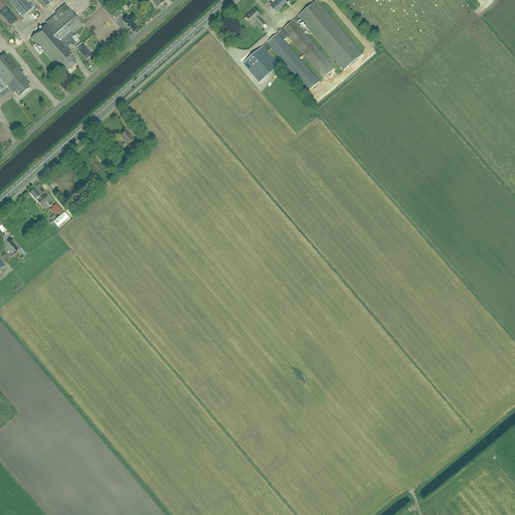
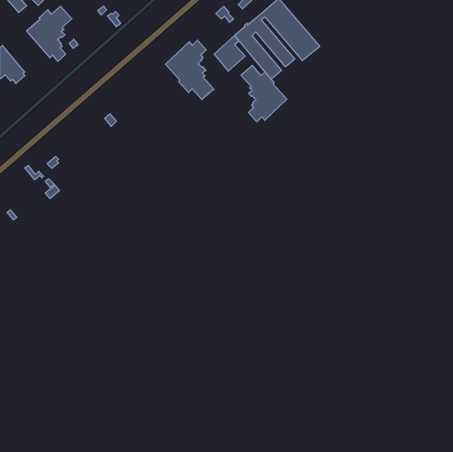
building: none -> [165,40,214,100]
building: none -> [241,65,287,122]

